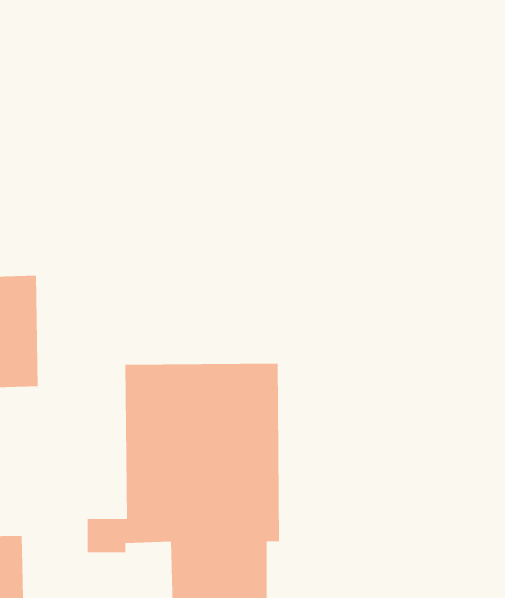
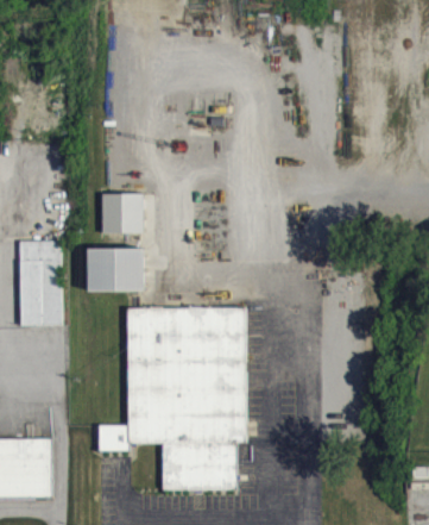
building: none -> [102,193,144,233]
building: none -> [88,248,144,292]

